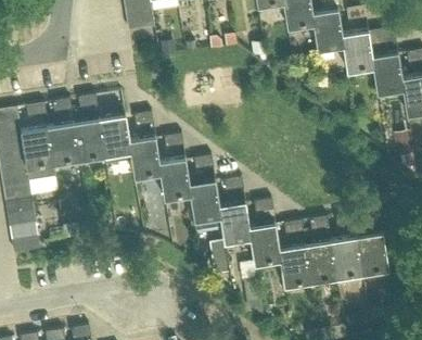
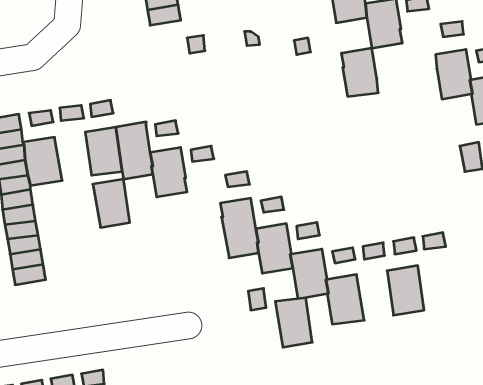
building: [342,32,373,73] -> [341,48,378,96]
building: [48,124,79,165] -> [93,179,130,227]
building: [158,159,191,201] -> none
building: [357,234,389,276] -> none
building: [305,242,336,285] -> [275,298,312,347]

